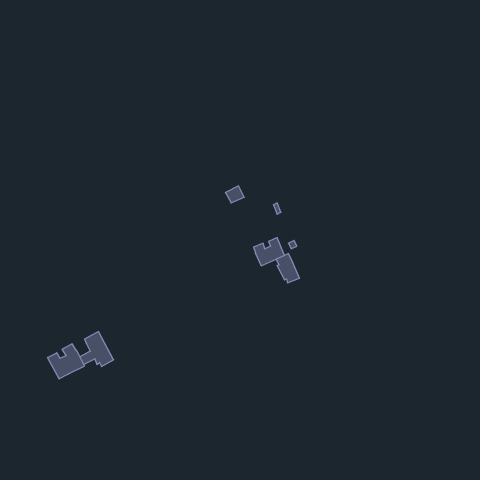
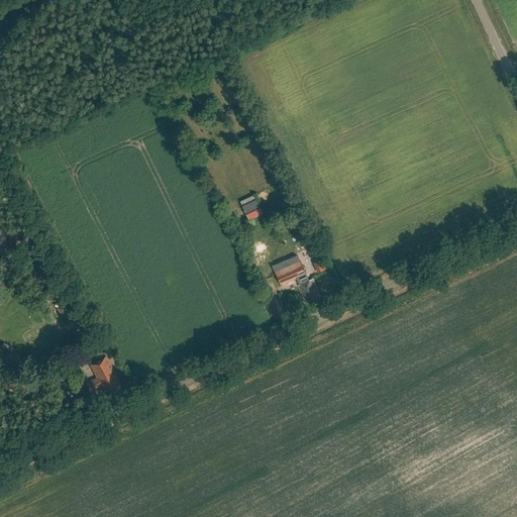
building: [48,344,84,379] -> none

